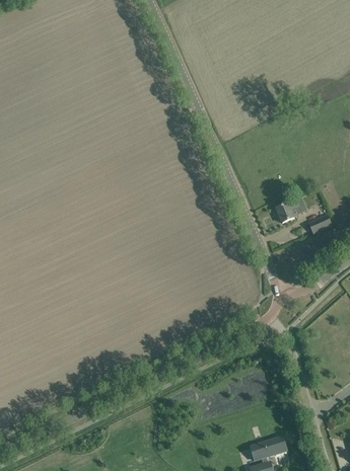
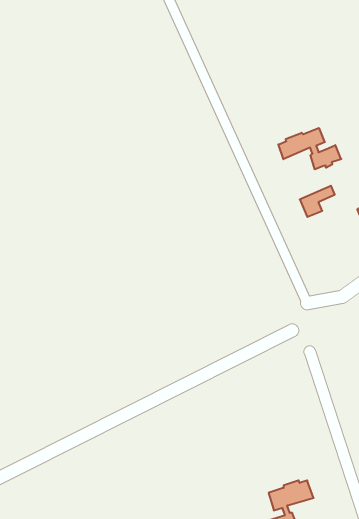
building: none -> [278,128,341,169]

